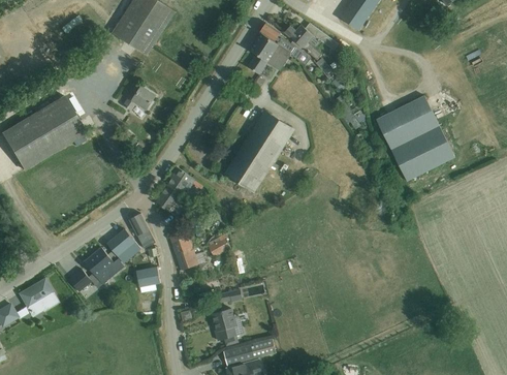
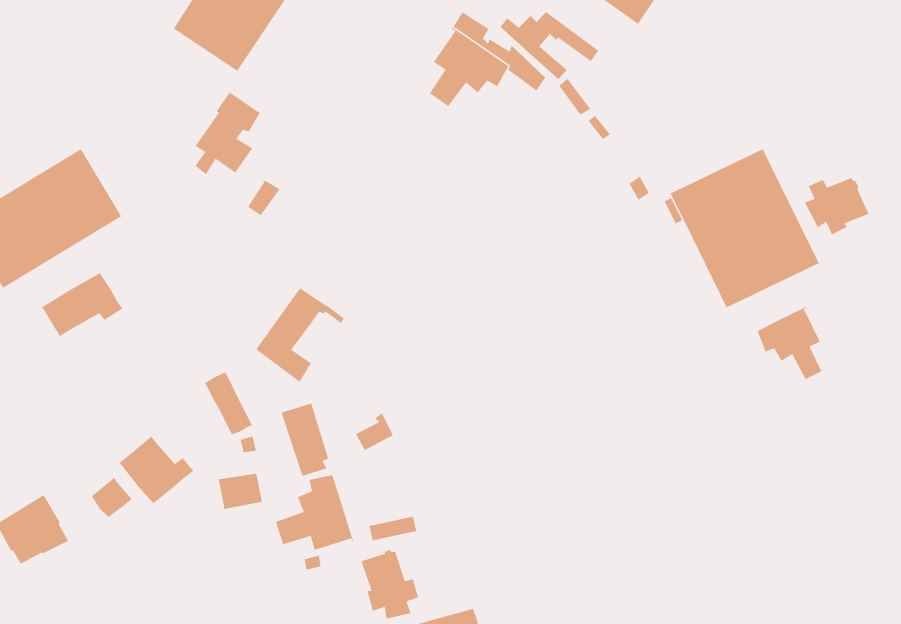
building: none -> [804,177,869,236]
building: [225,111,294,192] -> none
building: none -> [41,272,123,337]
building: none -> [757,306,822,380]
building: [106,228,140,262] -> none
building: none -> [275,474,354,551]

